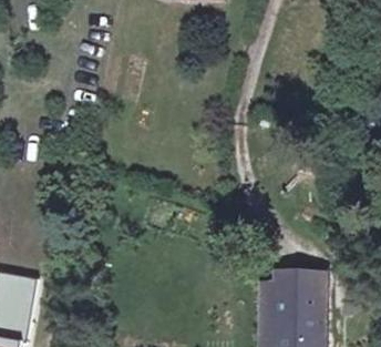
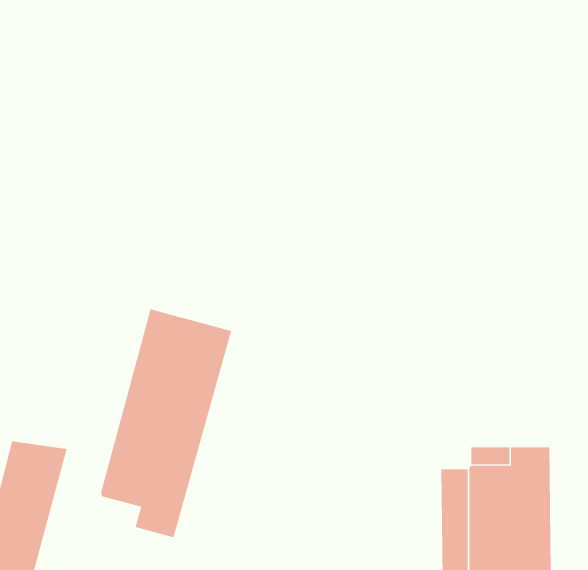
building: none -> [101,309,232,538]

